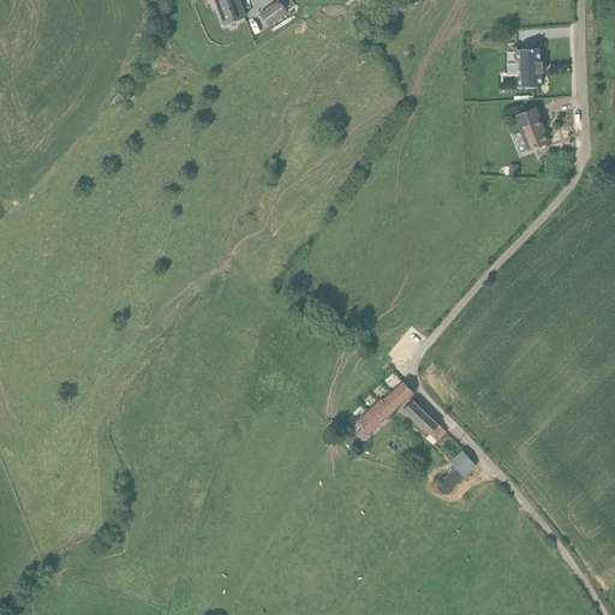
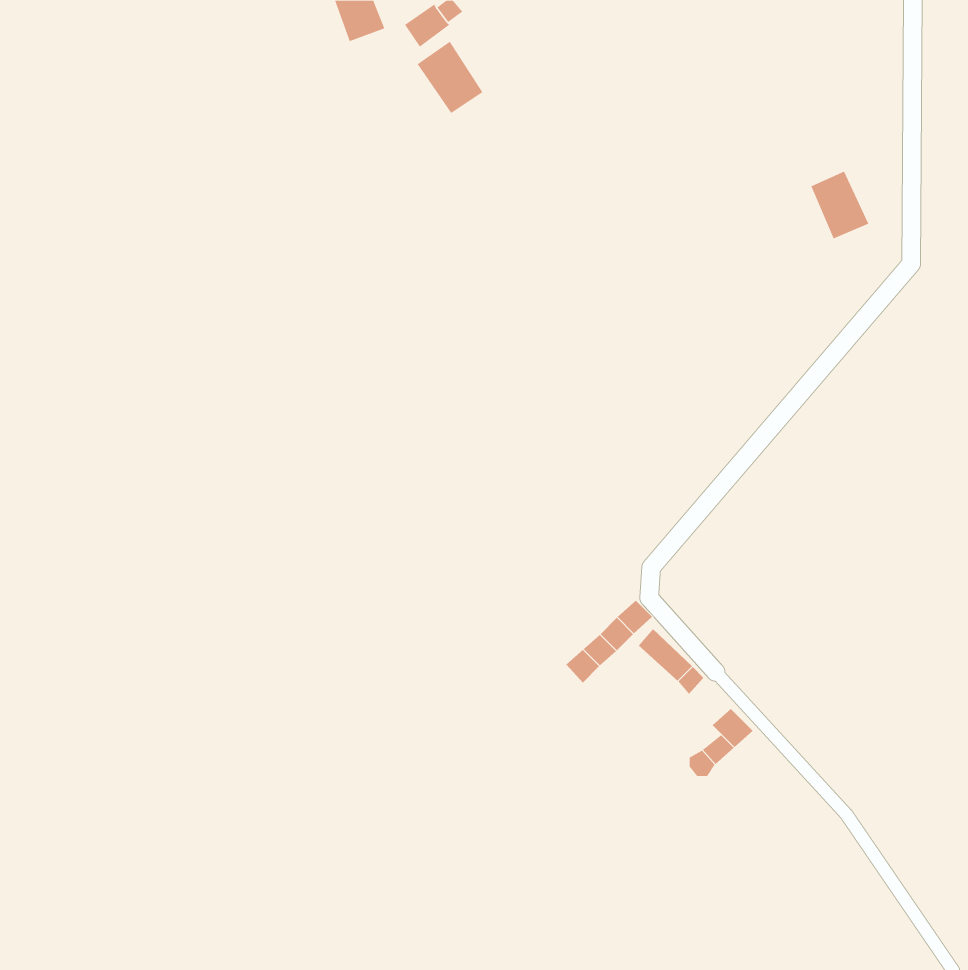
building: none -> [417,41,483,114]
building: [515,48,541,89] -> none

